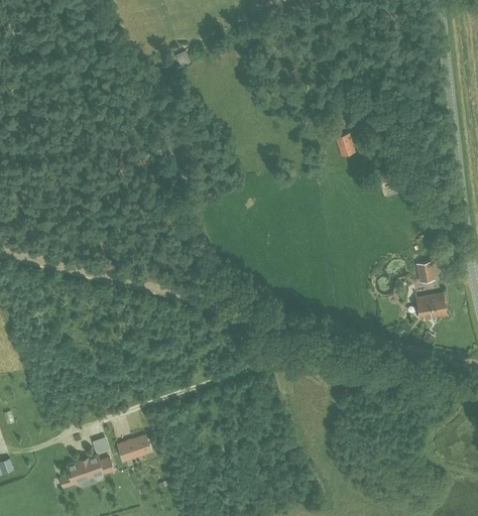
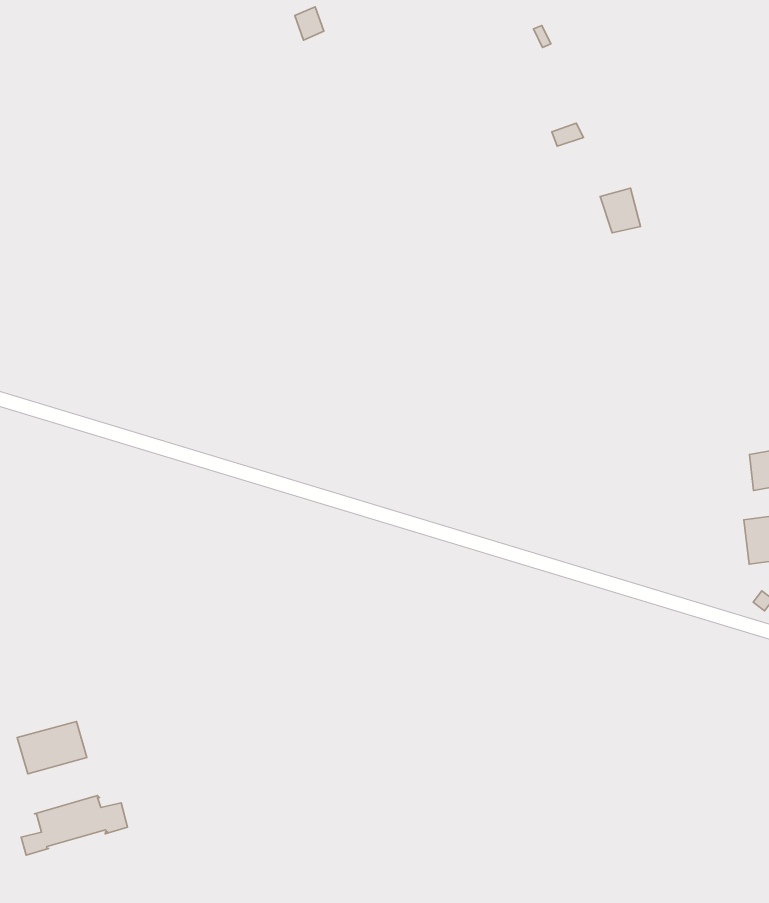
building: none -> [17,722,87,774]
building: [117,434,150,461] -> none

